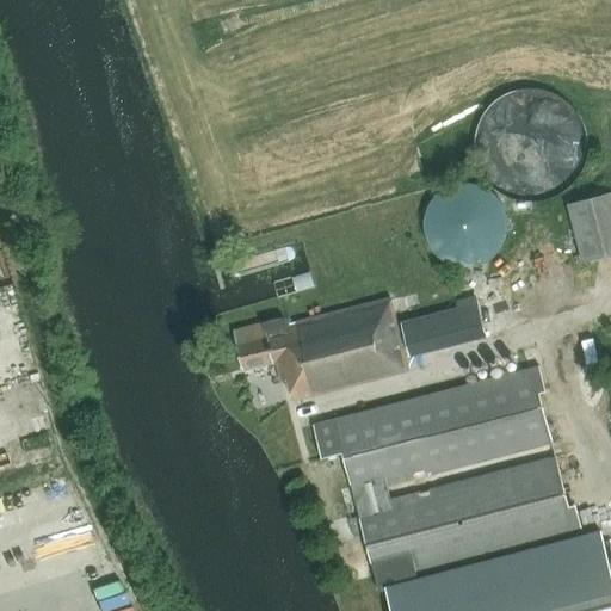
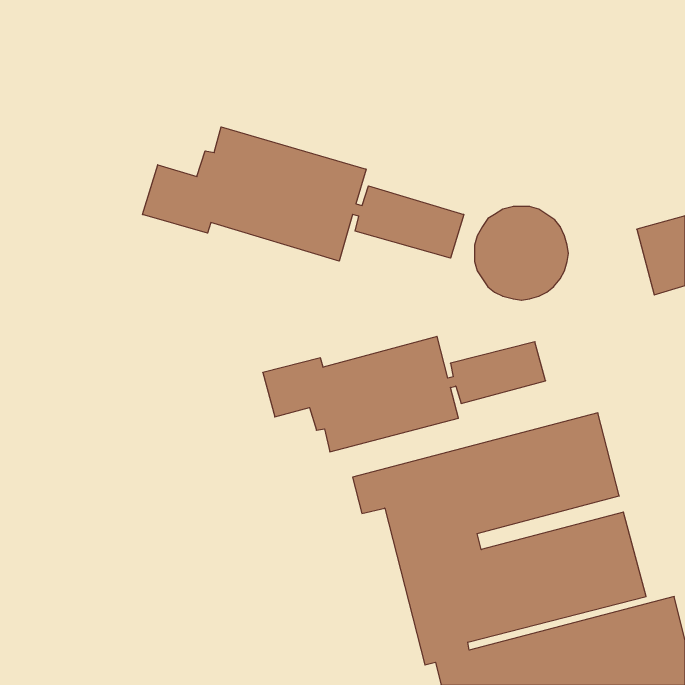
building: [471,87,587,202] -> none
building: none -> [143,127,464,261]

